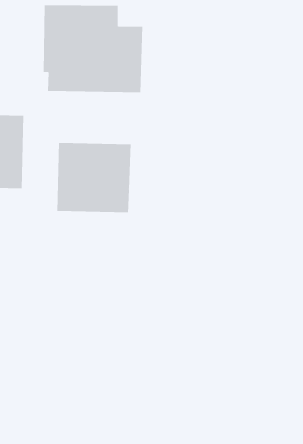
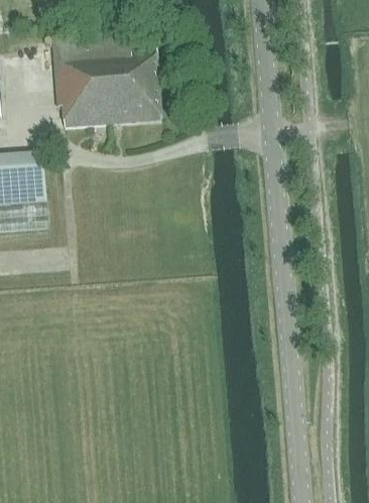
building: [57,142,131,213] -> none

